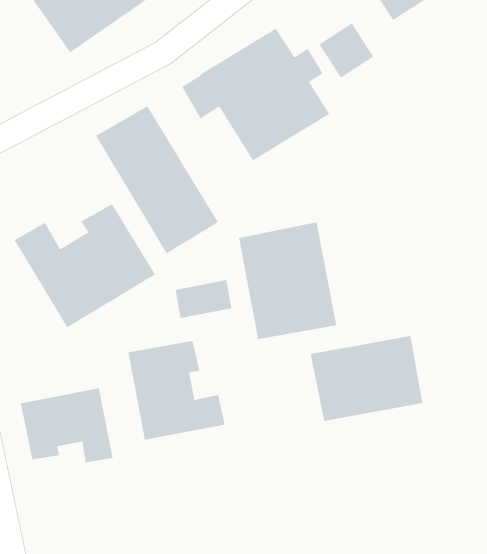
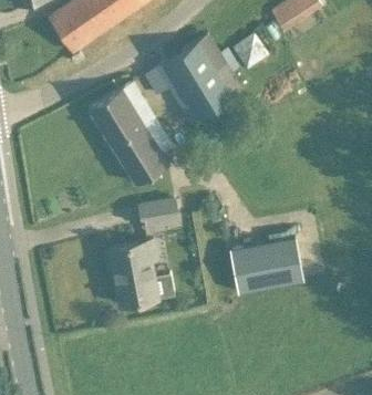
building: [14,203,156,328] -> none
building: [238,222,337,340] -> none
building: [20,388,113,463] -> none

